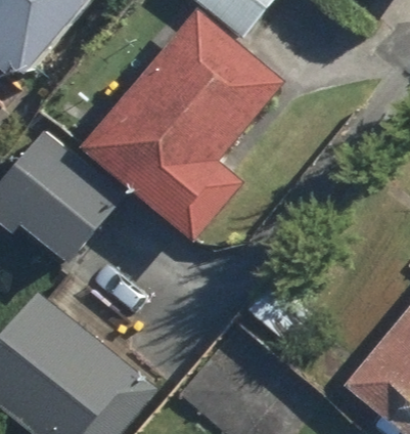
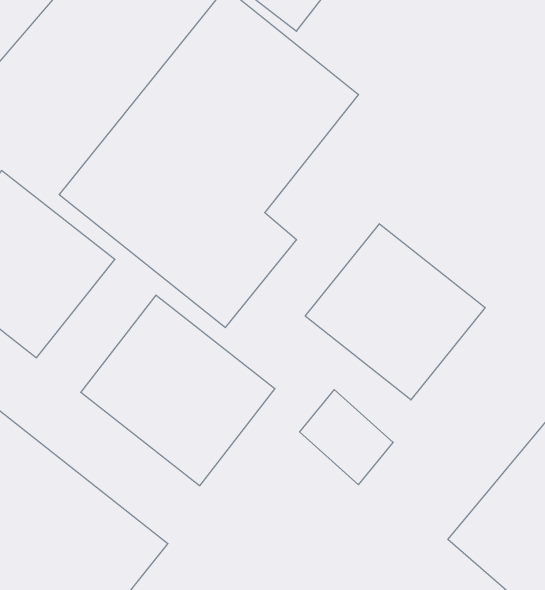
building: none -> [305,224,485,400]
building: none -> [81,295,275,486]

